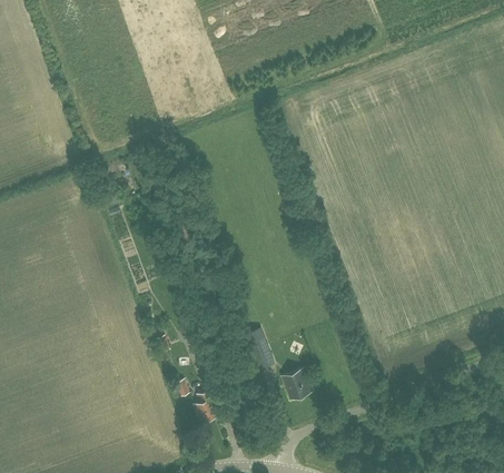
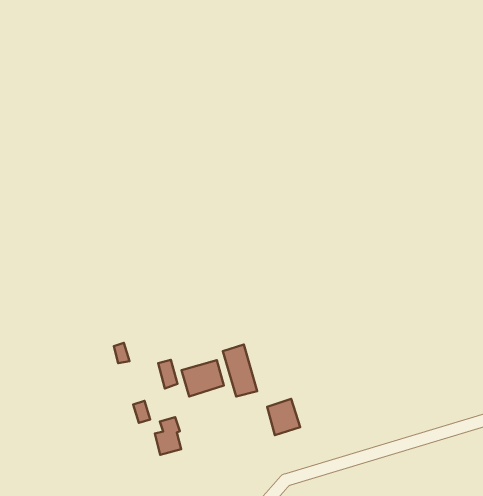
building: none -> [181,360,224,397]

